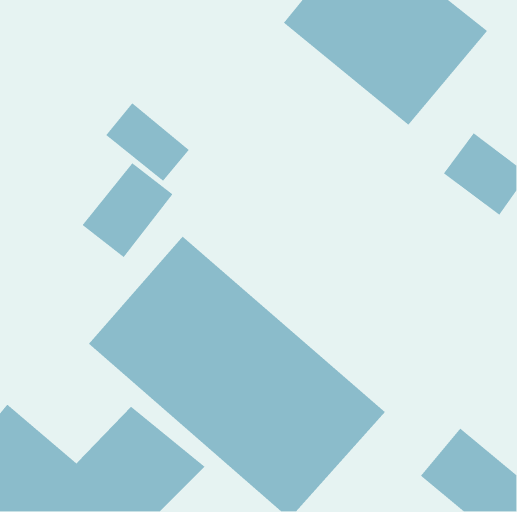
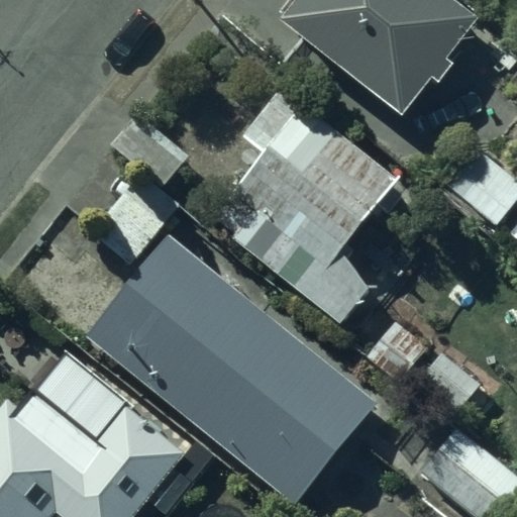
building: none -> [220,92,395,325]

